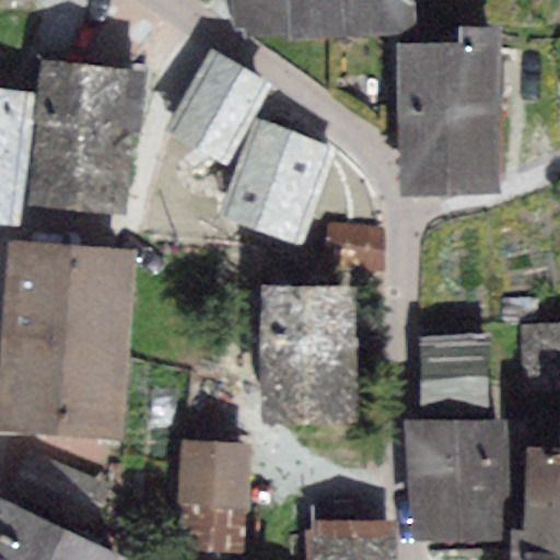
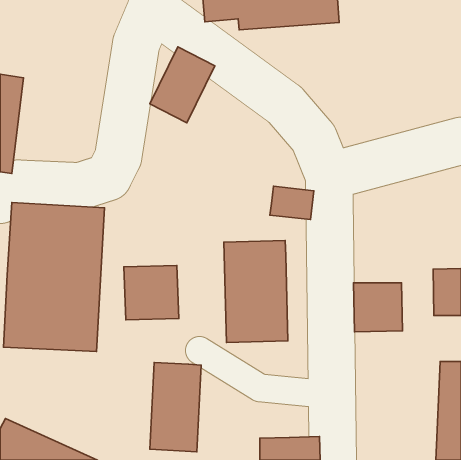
building: [406,49,492,182] -> none
building: [35,67,135,205] -> none
building: [230,126,318,231] -> none
building: none -> [124,265,179,320]
building: [418,427,508,530] -> none

